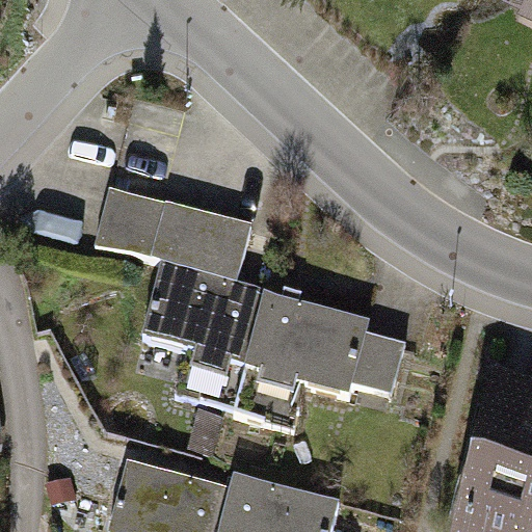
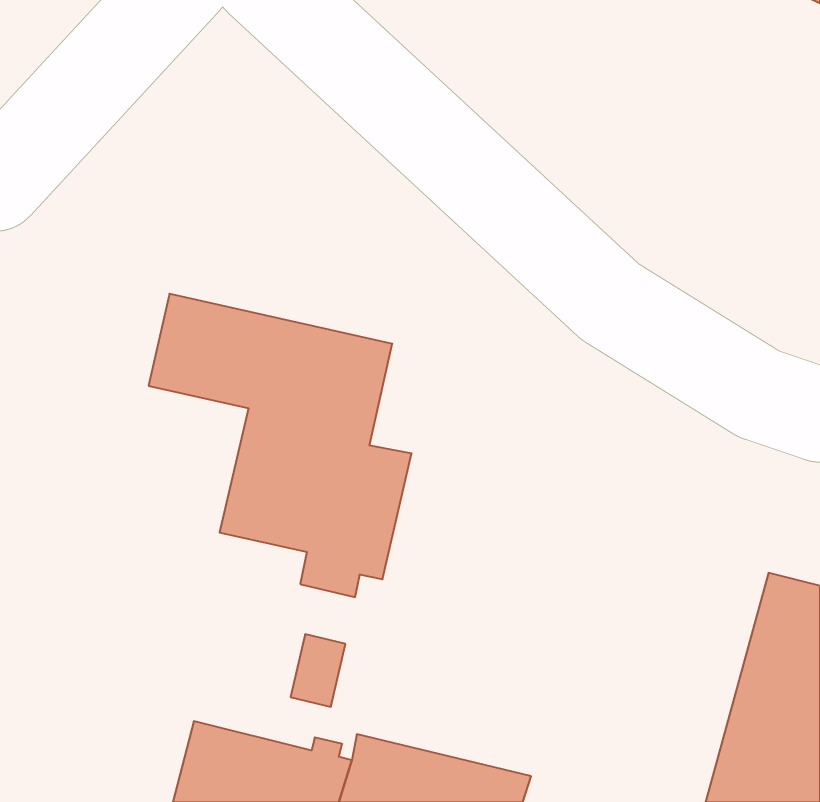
building: [246,288,406,404] -> none

